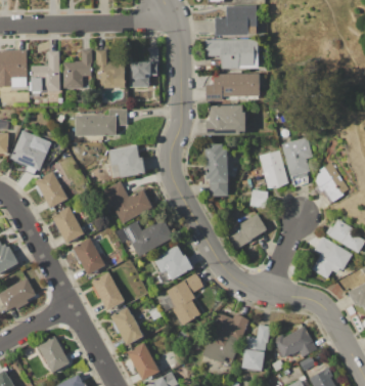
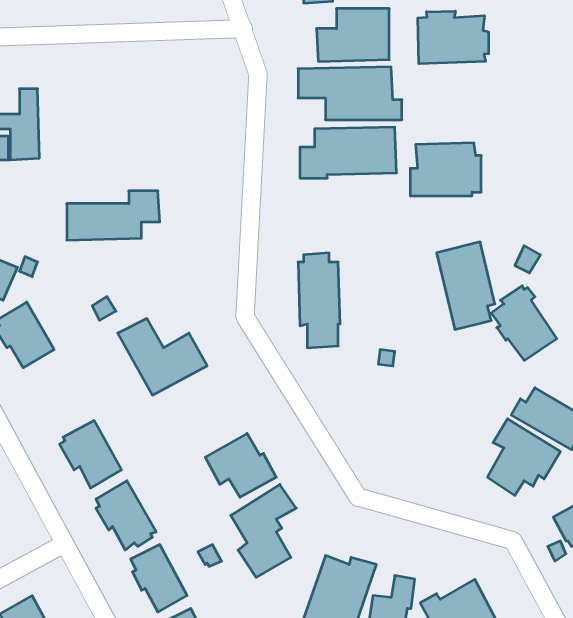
building: none -> [418,11,489,64]
building: [129,47,158,88] -> none
building: [96,49,125,88] -> none
building: [62,50,92,88] -> none
building: [206,105,245,135] -> [410,143,481,196]
building: [108,145,145,178] -> none
building: [257,151,288,190] -> none
building: [50,207,84,244] -> none
building: [225,214,267,250] -> none
building: [123,219,173,256] -> none

